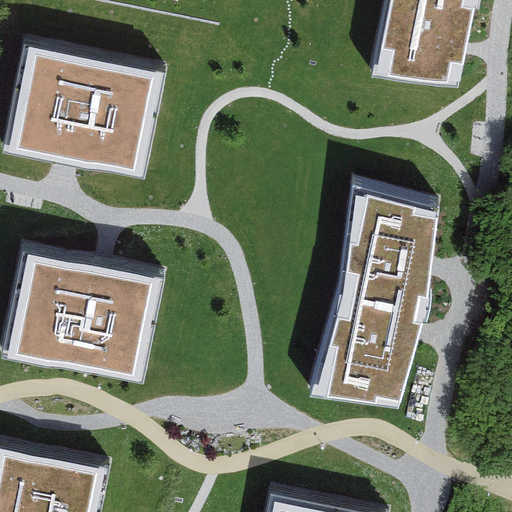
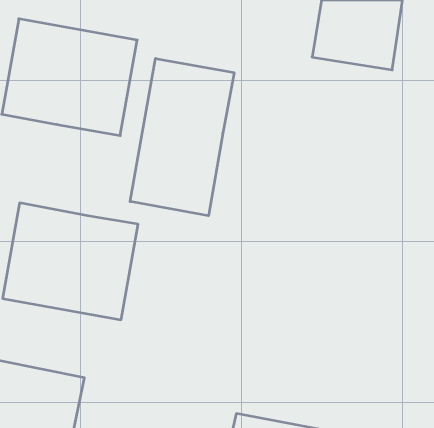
building: none -> [130,58,234,216]
building: [310,172,436,406] -> none

